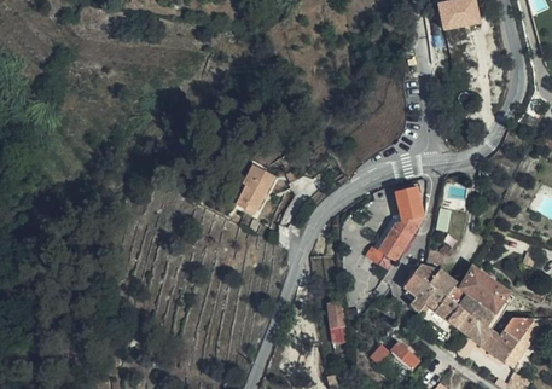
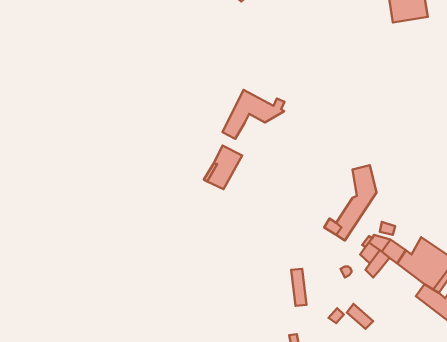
building: none -> [222,90,284,139]
building: [428,290,477,332] -> none

